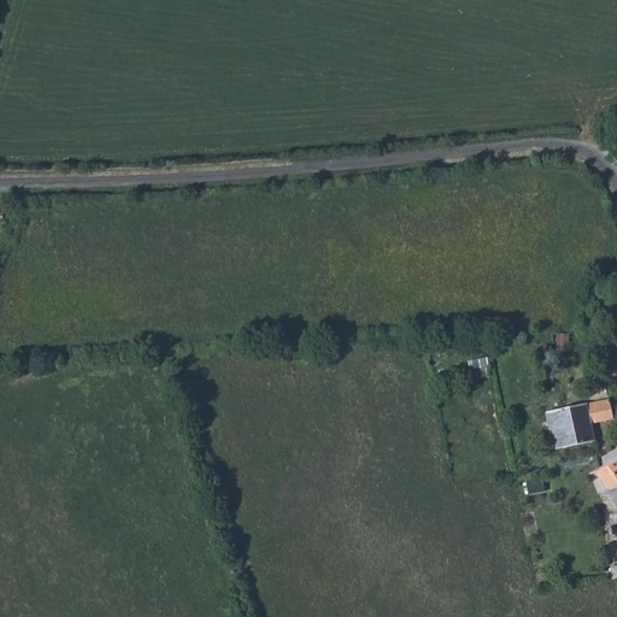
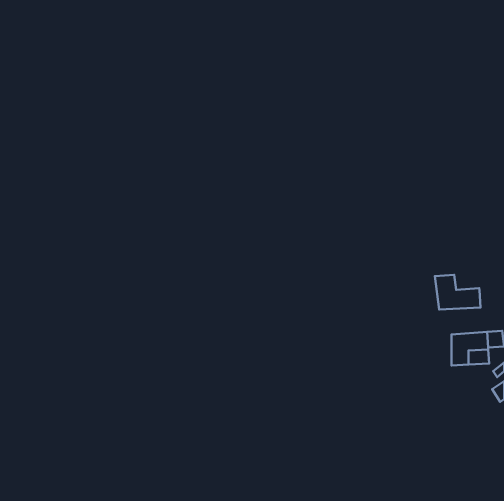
building: none -> [435,275,480,309]

